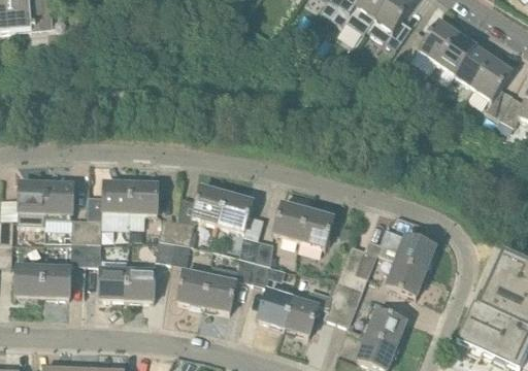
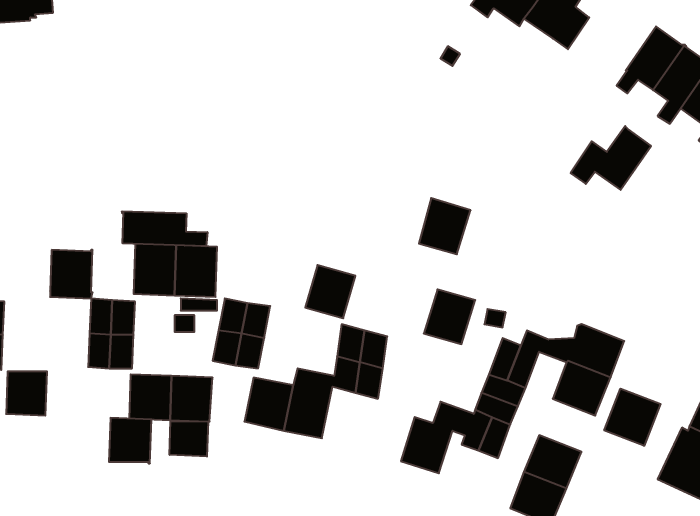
building: [402,19,457,62] -> [571,126,651,190]
building: none -> [122,211,207,246]
building: [19,181,46,211] -> none
building: [193,185,227,223] -> none
building: [273,202,308,240] -> [419,198,471,254]
building: [42,266,71,297] -> [109,418,152,463]
building: none -> [604,389,661,446]
building: [258,289,293,327] -> none
building: none -> [170,421,208,457]

